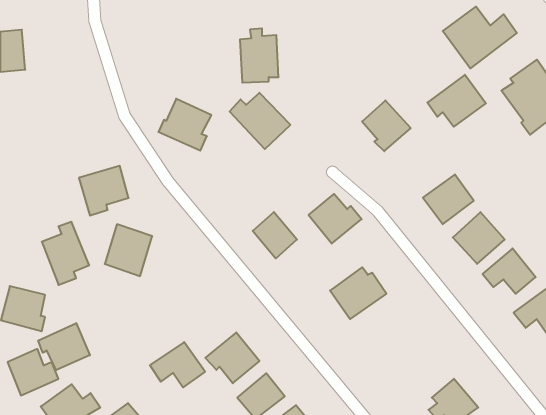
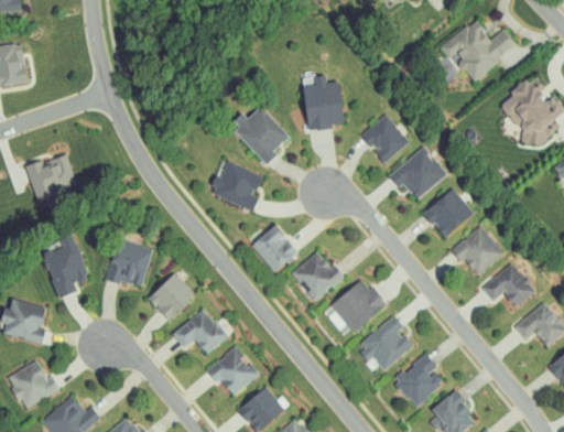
building: [240,28,279,83] -> [303,75,341,129]
building: [427,75,486,127] -> [388,147,446,198]
building: [158,99,211,151] -> [209,160,262,212]
building: [79,166,129,216] -> [25,153,75,203]
building: [309,194,362,244] -> [291,251,344,301]
building: none -> [147,272,195,321]
building: none -> [358,315,412,371]
building: [38,323,90,370] -> none
building: none -> [392,353,443,407]
building: [150,342,205,387] -> [171,309,226,354]

